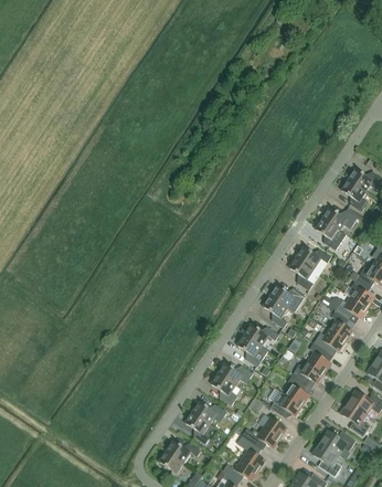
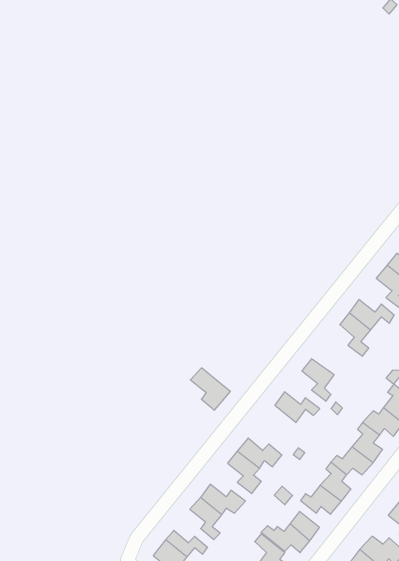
building: [269,284,306,306] -> none
building: [236,334,268,366] -> [190,368,230,410]

